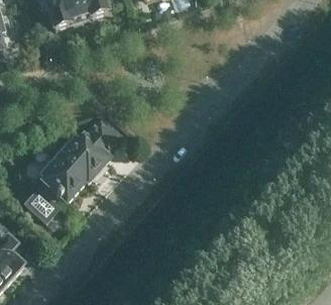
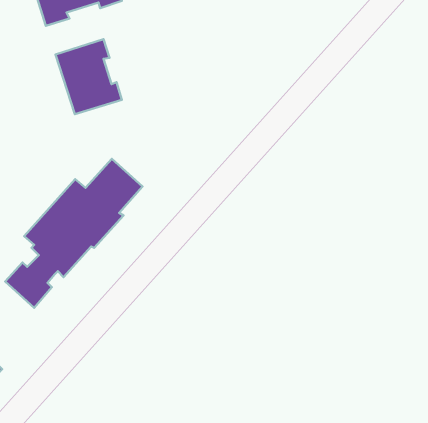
building: none -> [55,39,122,114]

